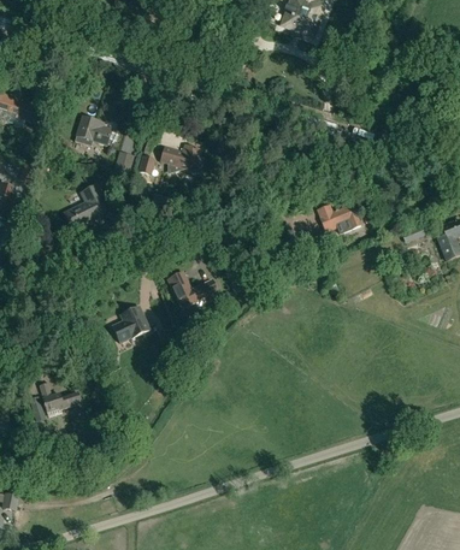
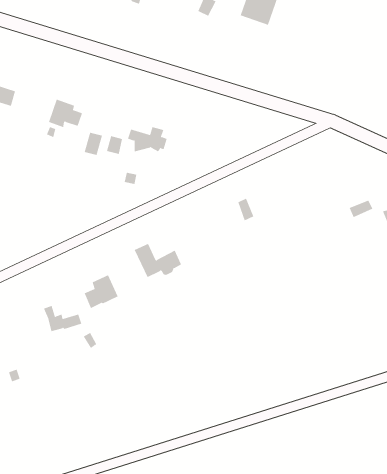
building: [63,185,108,230] -> none
building: [315,202,359,231] -> none
building: [37,383,79,412] -> [43,305,82,332]

